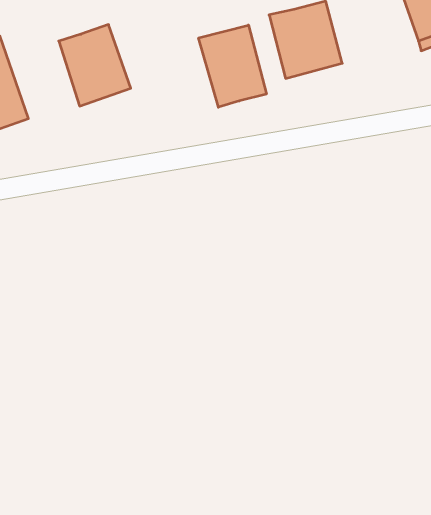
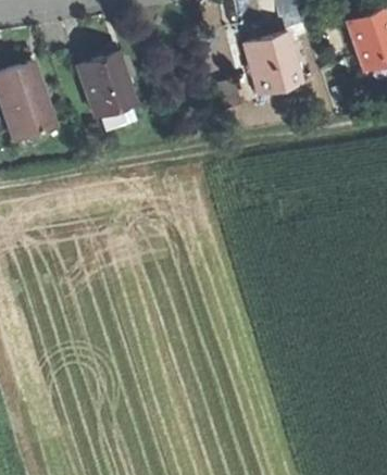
building: [199,25,266,107] -> none

